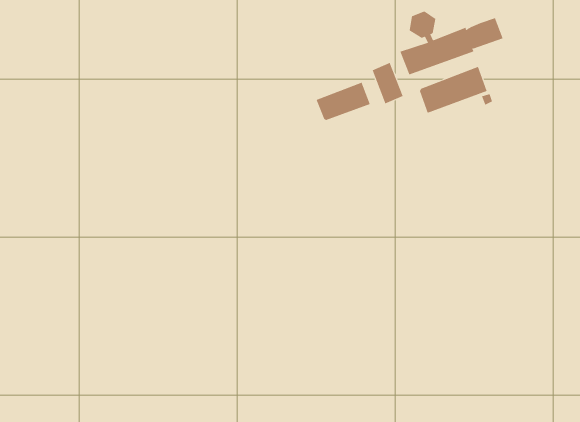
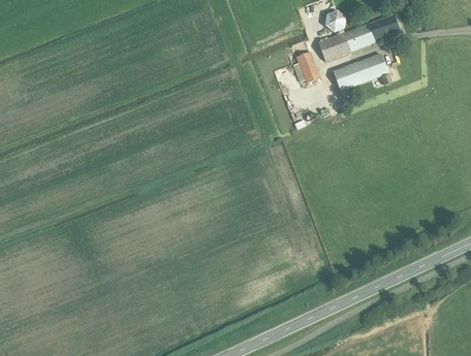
building: [316,82,370,121] -> none

